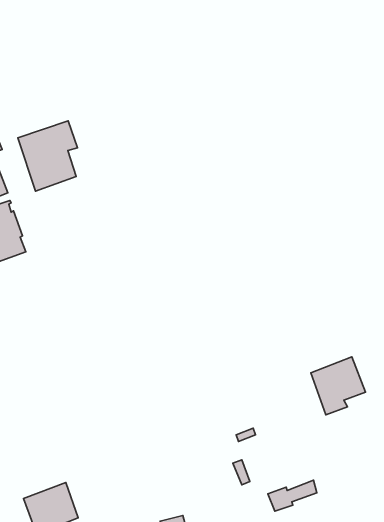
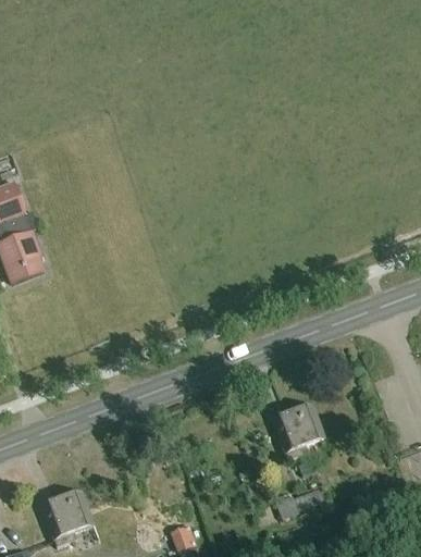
building: [18,121,78,191] -> none
building: [311,357,366,415] -> [273,404,325,459]

